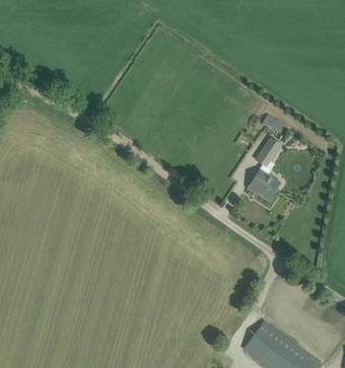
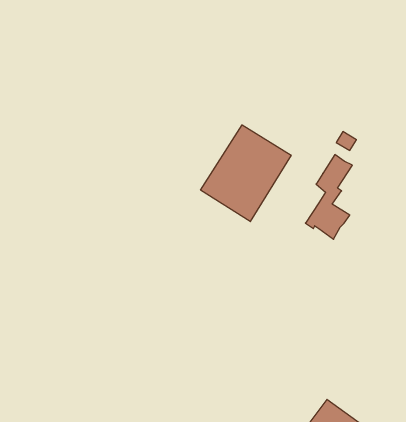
building: none -> [201,125,291,222]

